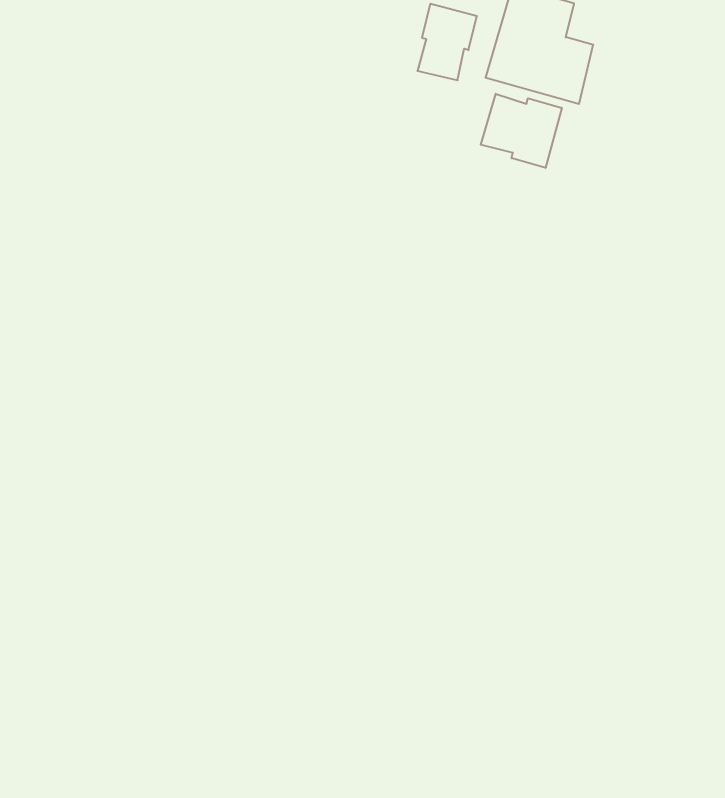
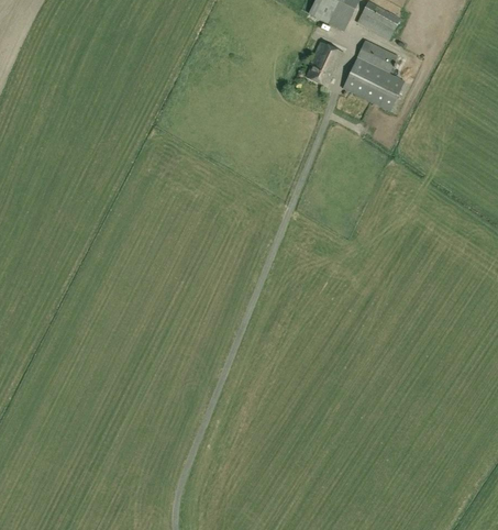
building: [481,94,562,168] -> none

